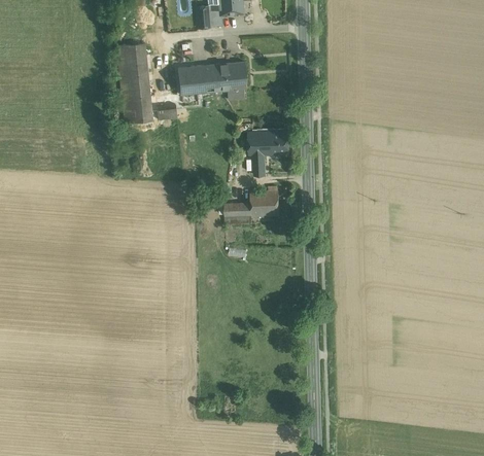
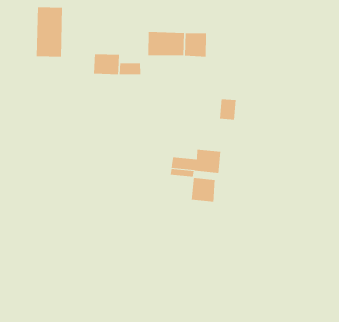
building: [116,42,151,101] -> [36,7,63,57]
building: [249,132,272,175] -> none
building: none -> [191,177,215,202]

